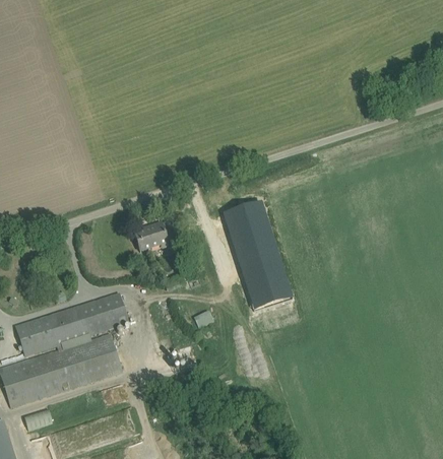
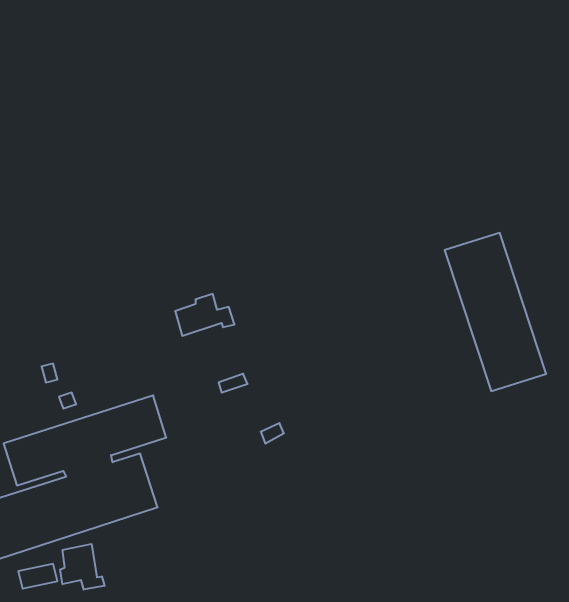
building: [222,200,293,311] -> [445,233,546,391]
building: none -> [60,544,104,590]

